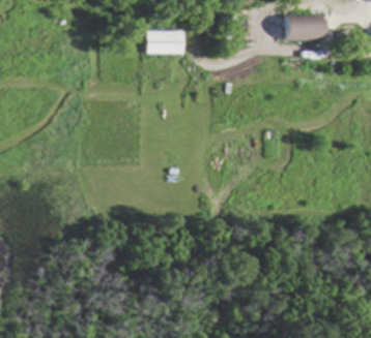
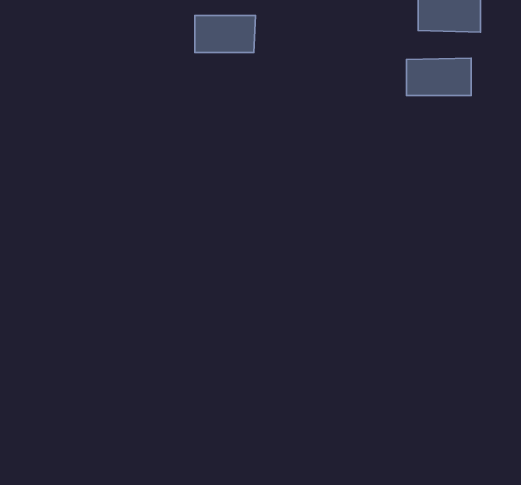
building: none -> [406,58,471,95]

